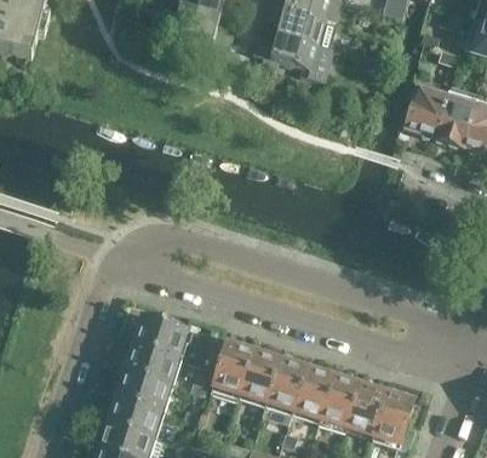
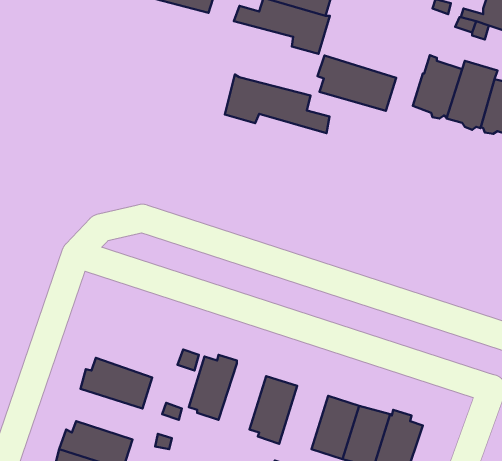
building: none -> [317,55,396,111]
building: none -> [225,75,329,133]
building: [130,314,193,359] -> none
building: [239,347,280,403] -> none
building: [291,366,333,420] -> none
building: [115,368,173,412] -> none

